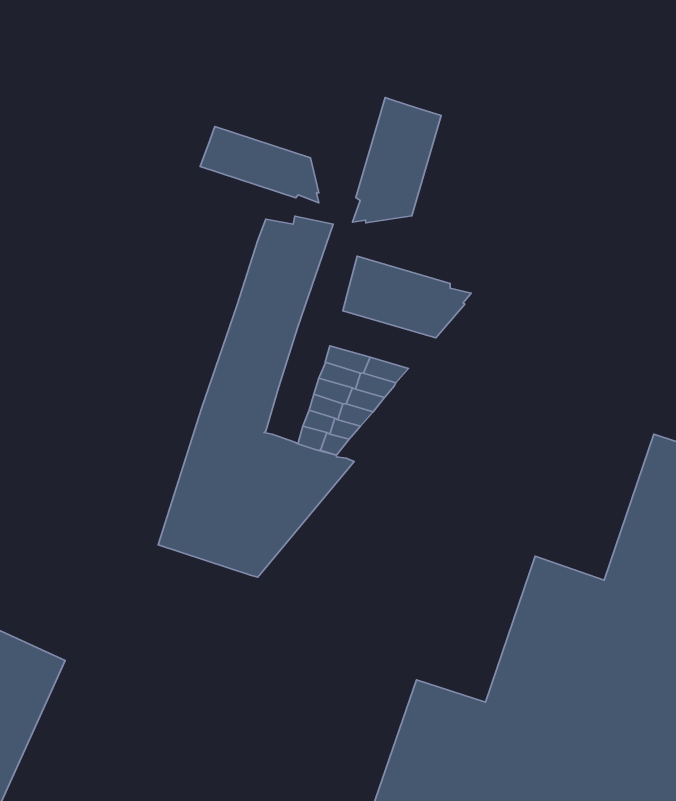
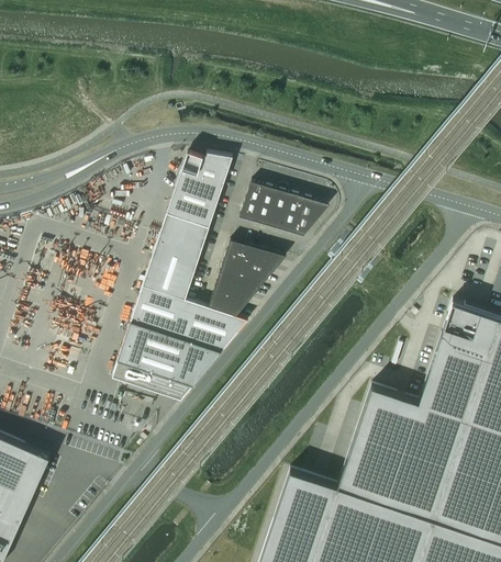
building: [352,98,441,223] -> none
building: [200,126,319,203] -> none

